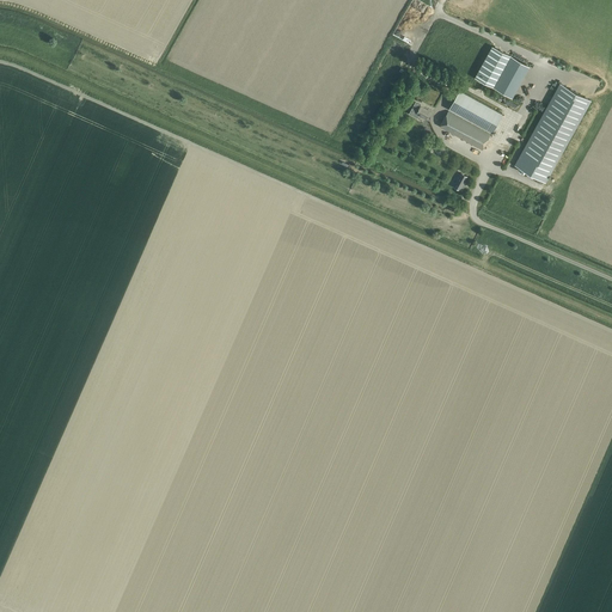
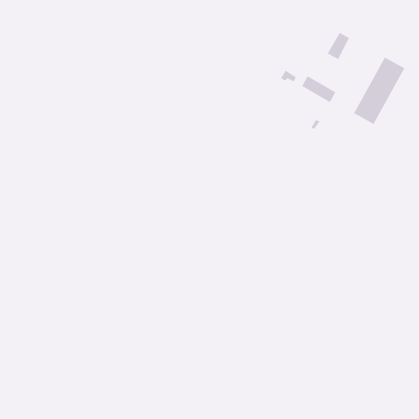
building: [492,56,526,97] -> none
building: [448,91,501,134] -> none

